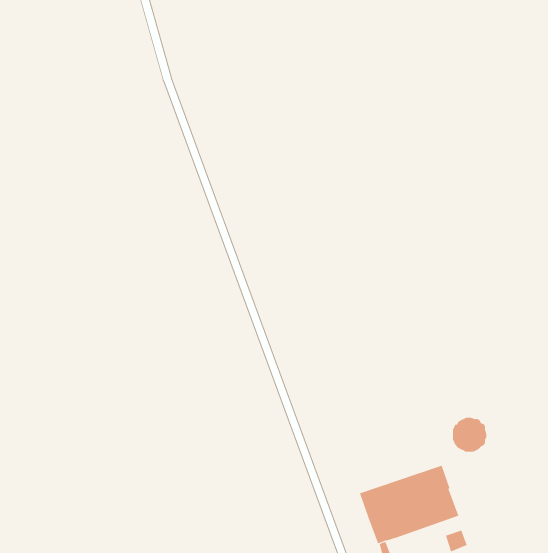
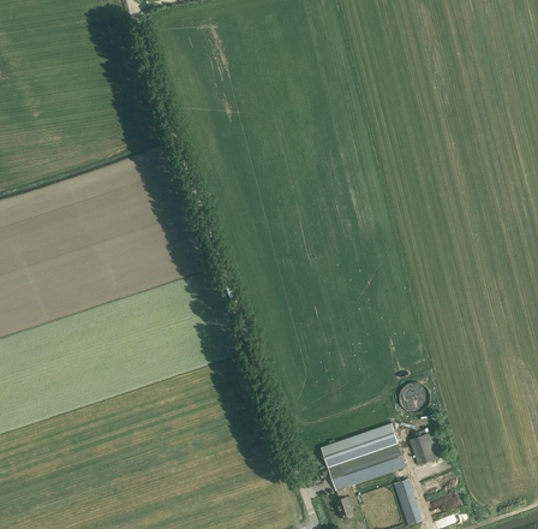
building: none -> [410,433,442,466]

